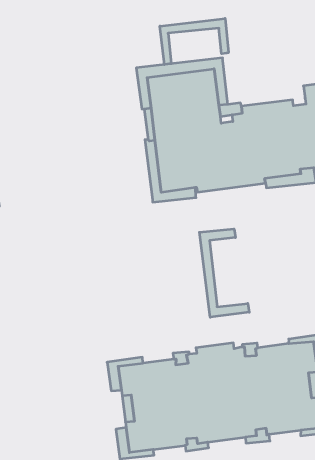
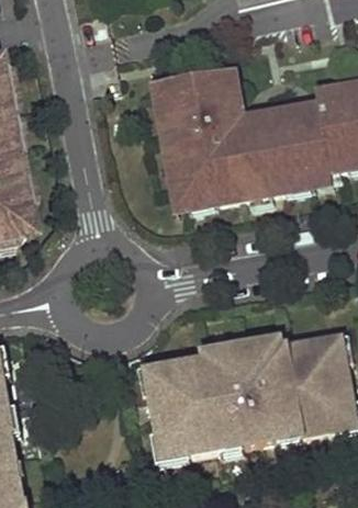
building: [160,18,228,65] -> none
building: [199,229,249,317] -> none

